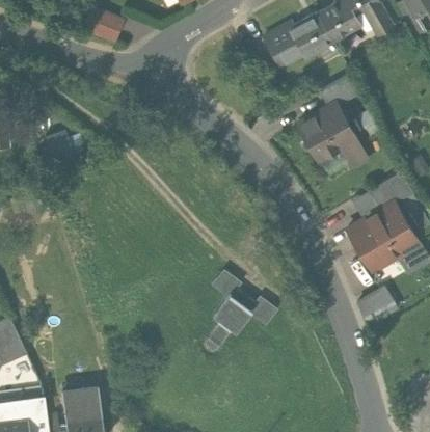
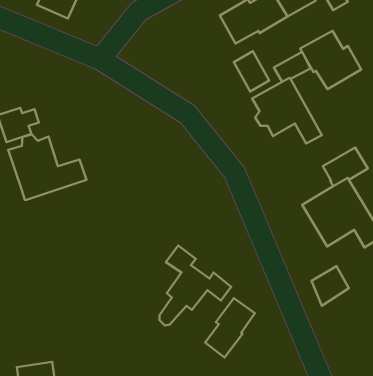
building: none -> [300,31,361,89]
building: none -> [234,51,269,92]
building: none -> [8,135,87,200]
building: none -> [205,298,255,357]

